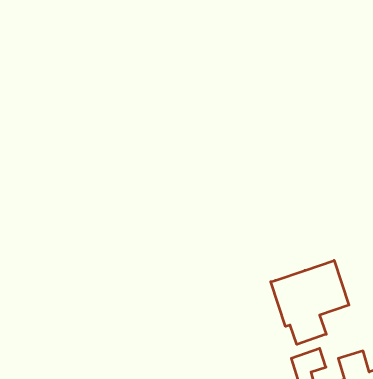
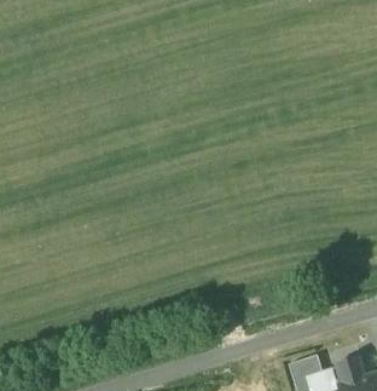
building: [271,260,349,344] -> none

